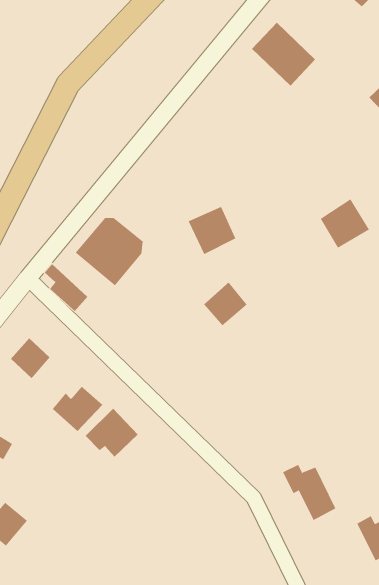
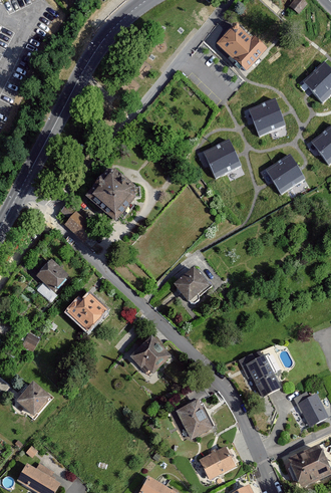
building: none -> [249,99,285,135]
building: [188,206,236,255] -> [205,141,241,177]
building: [203,282,248,326] -> [175,267,208,300]
building: [85,408,139,458] -> [130,335,171,373]
building: none -> [177,382,212,438]

